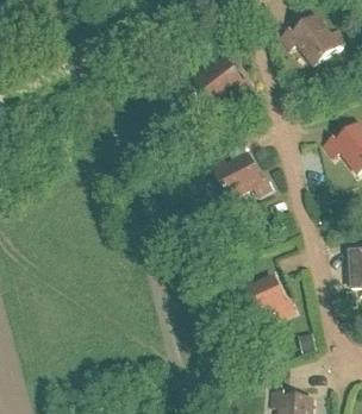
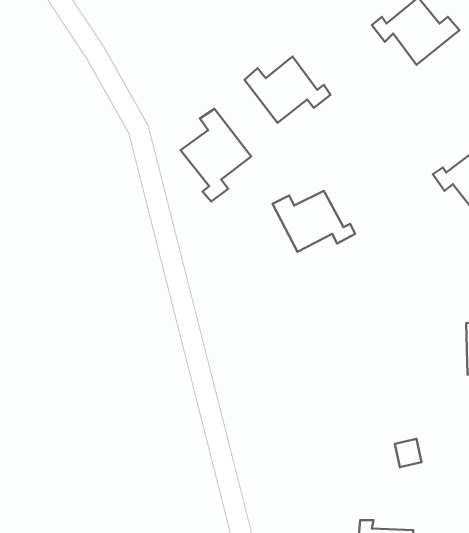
building: none -> [181,109,251,201]
building: [235,275,293,319] -> none

